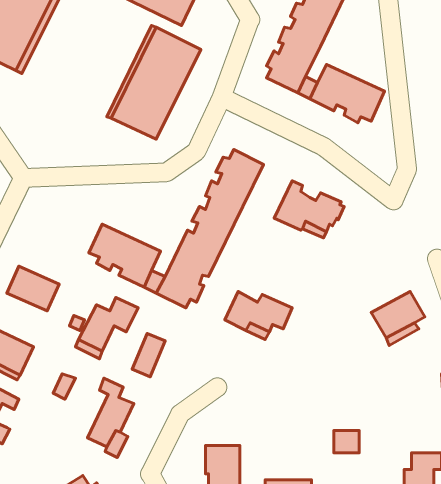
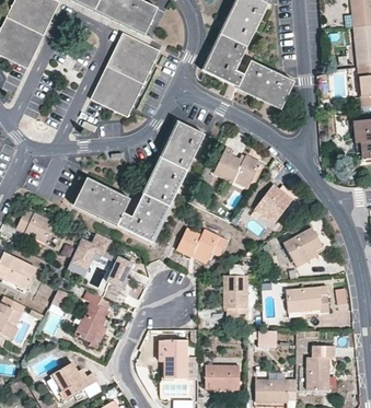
building: none -> [255,185,295,223]
building: none -> [223,276,247,319]
building: none -> [286,288,329,313]

